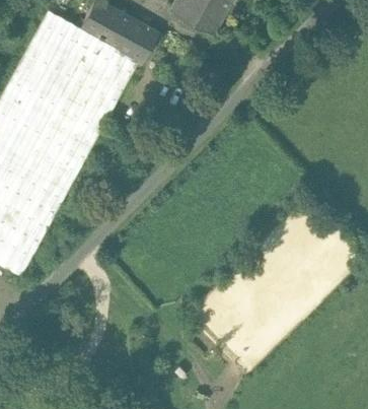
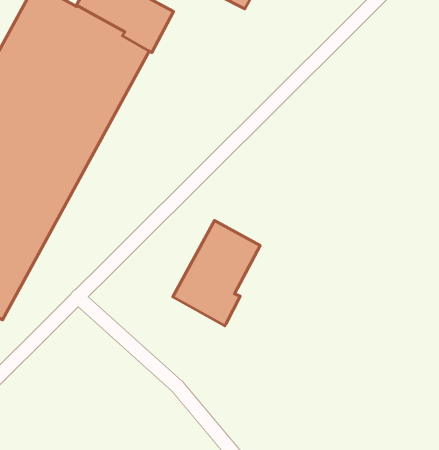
building: none -> [173,220,260,326]

